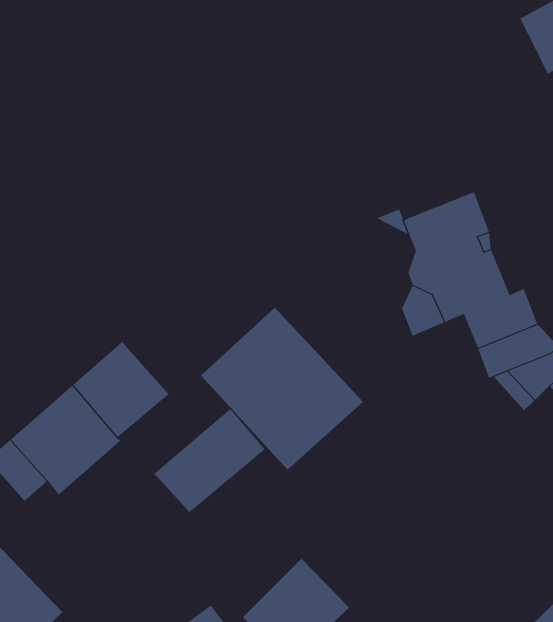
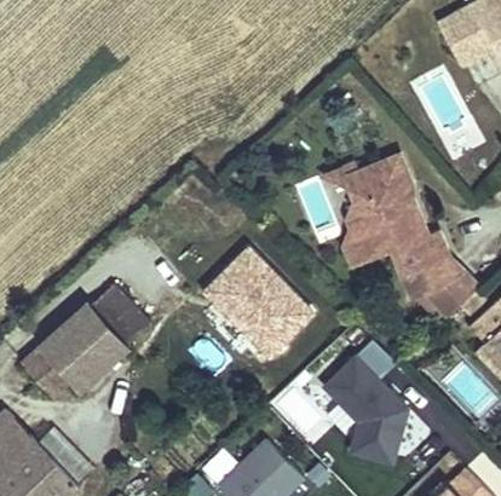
building: [153,408,266,513] -> none
building: none -> [324,340,408,465]

